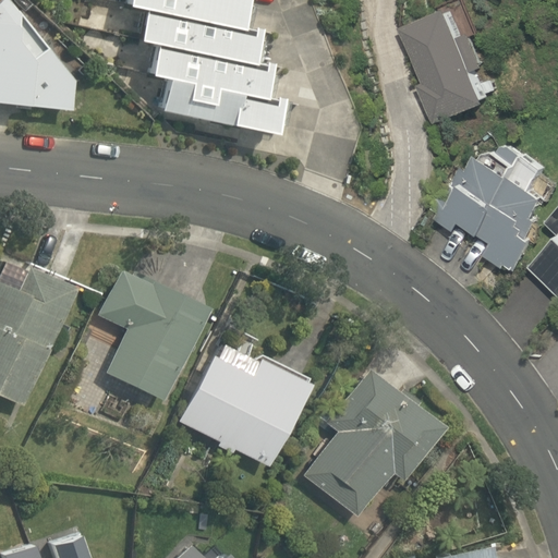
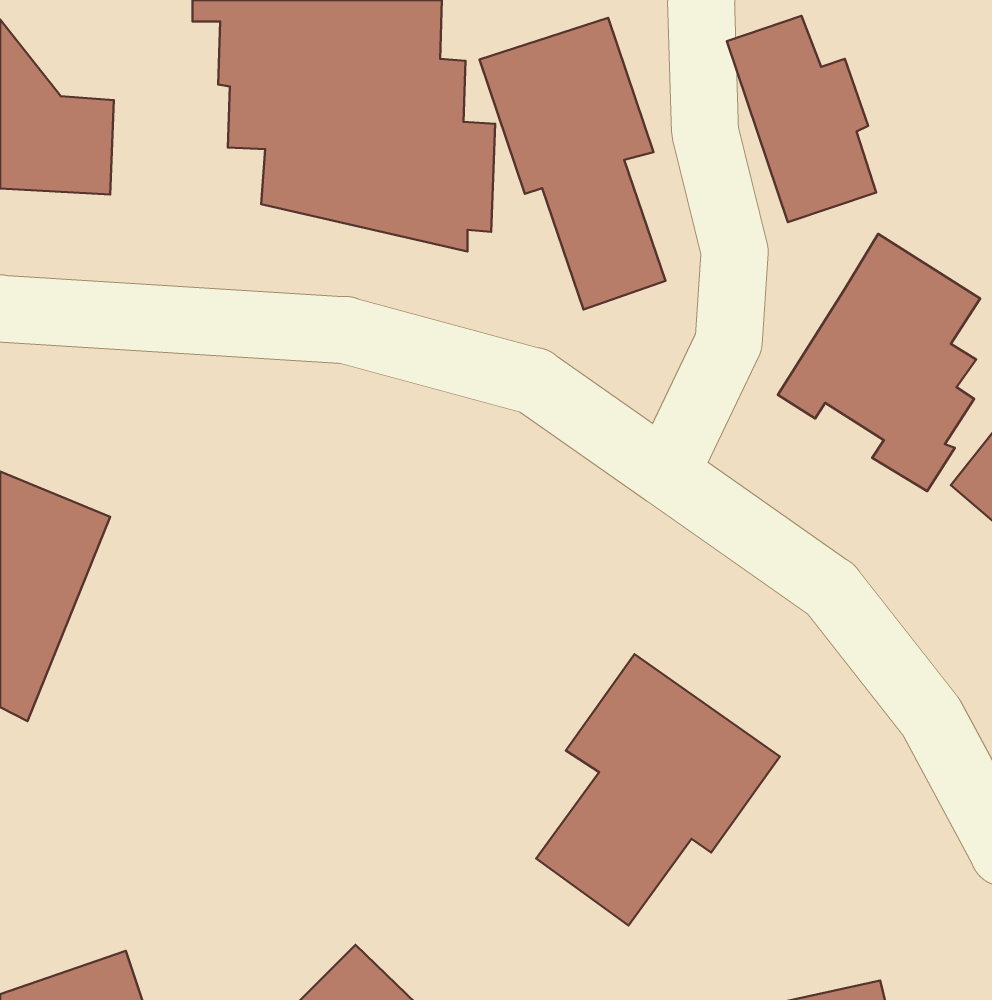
building: none -> [479,18,666,309]
building: [96,264,206,398] -> none
building: [181,342,304,463] -> none

